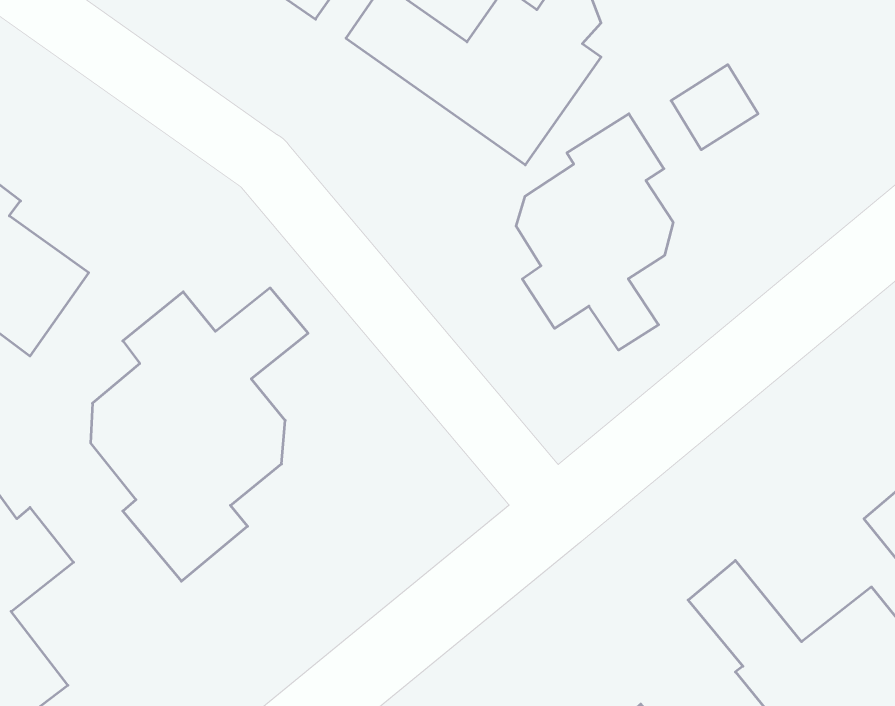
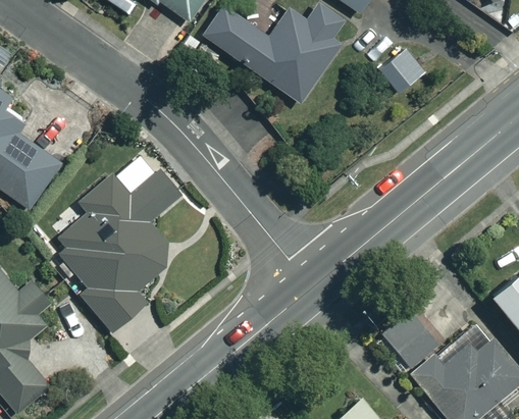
building: [516,114,673,350] -> none

